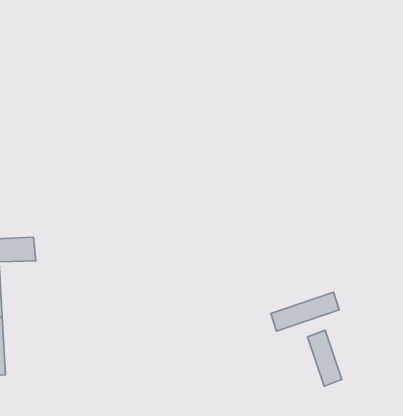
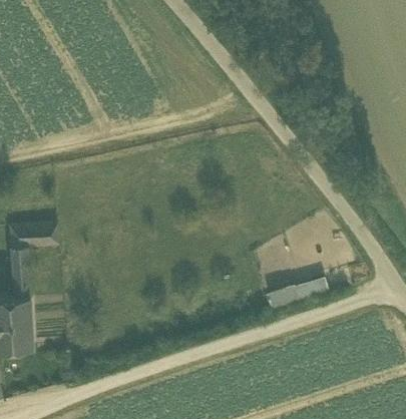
building: [307,330,342,386] -> none

